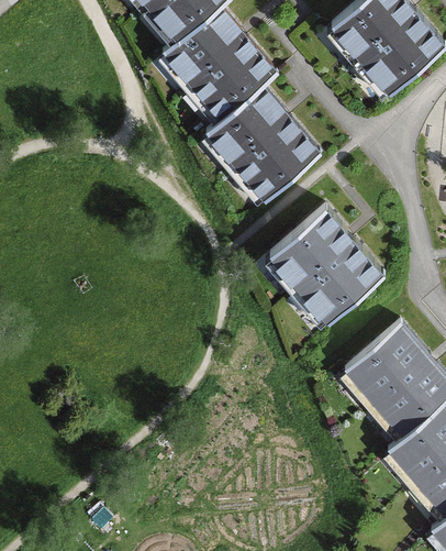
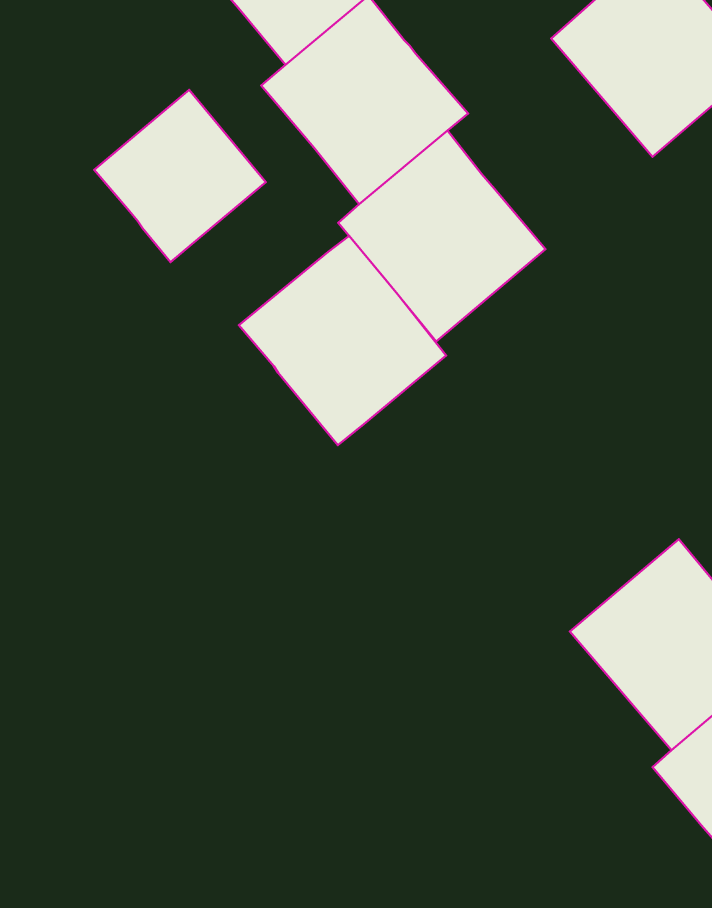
building: none -> [94,90,266,262]
building: none -> [239,236,446,445]
building: [264,205,386,328] -> none

